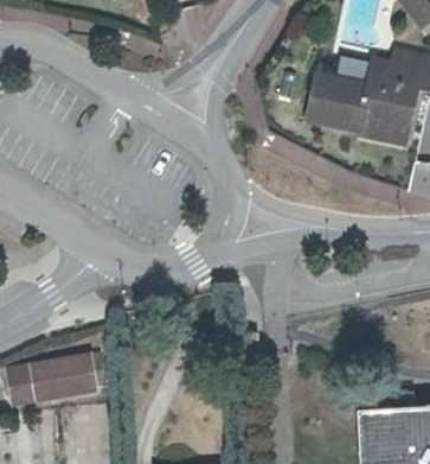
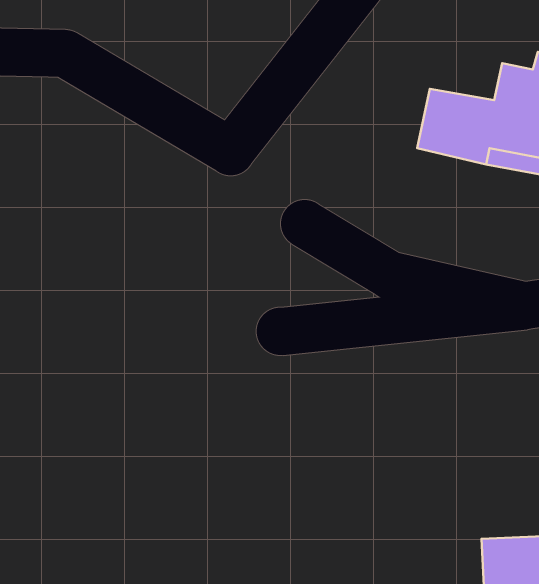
building: [8,357,95,406] -> none

